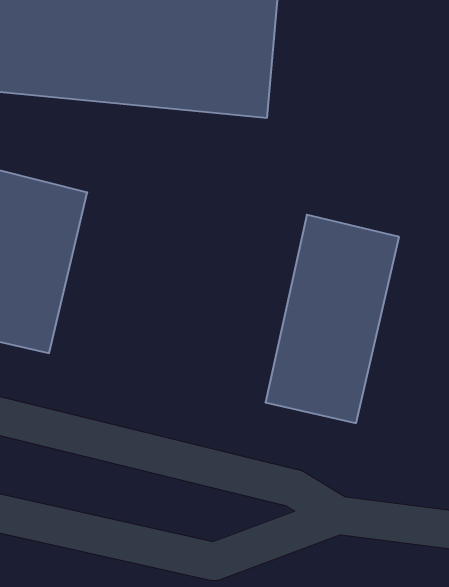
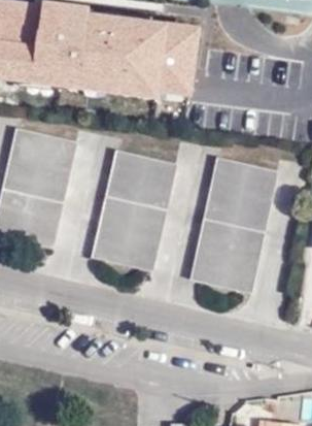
building: none -> [92,152,174,271]

